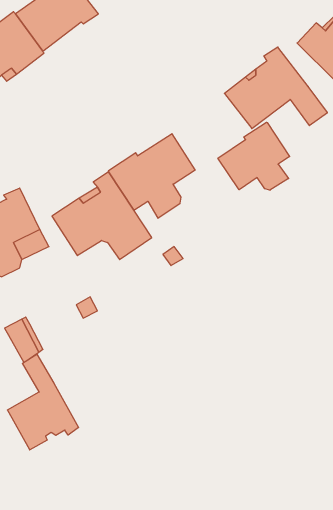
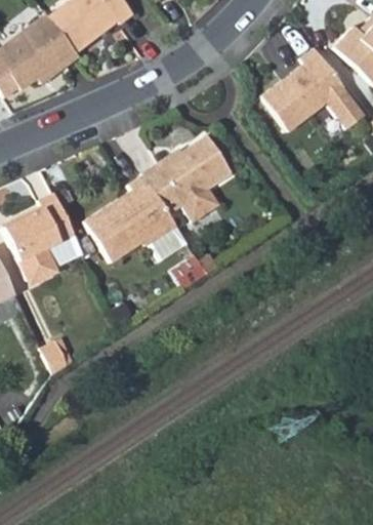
building: [218,122,290,190] -> none
building: [7,354,79,450] -> none

